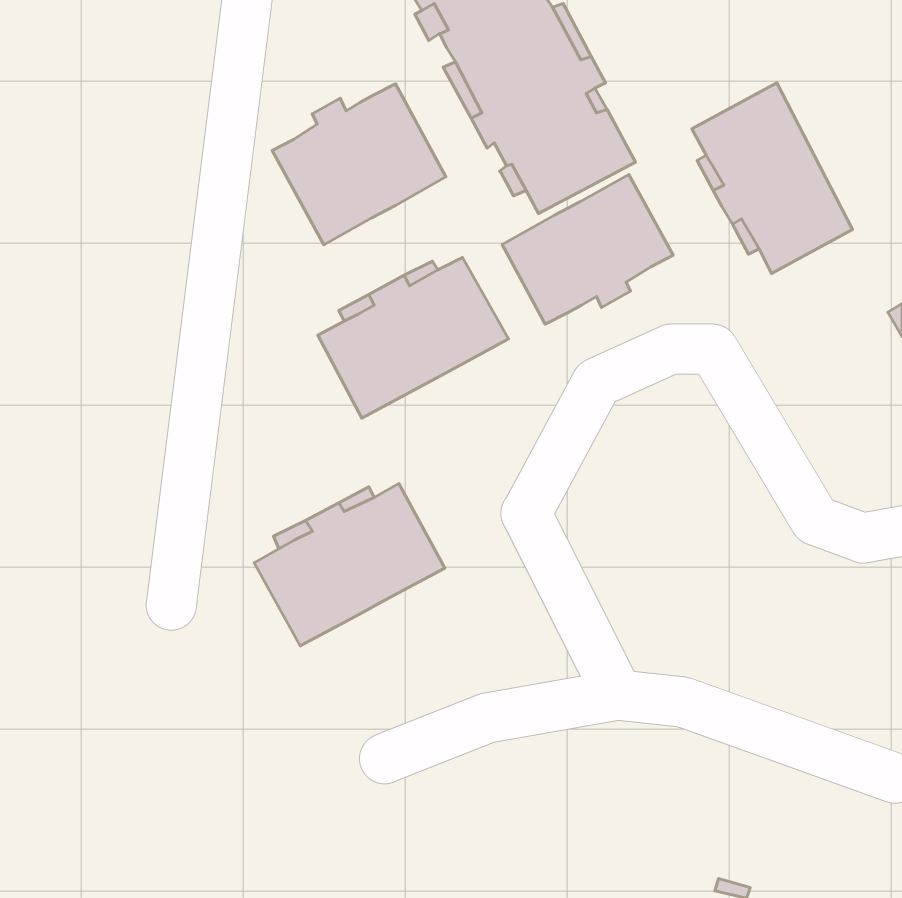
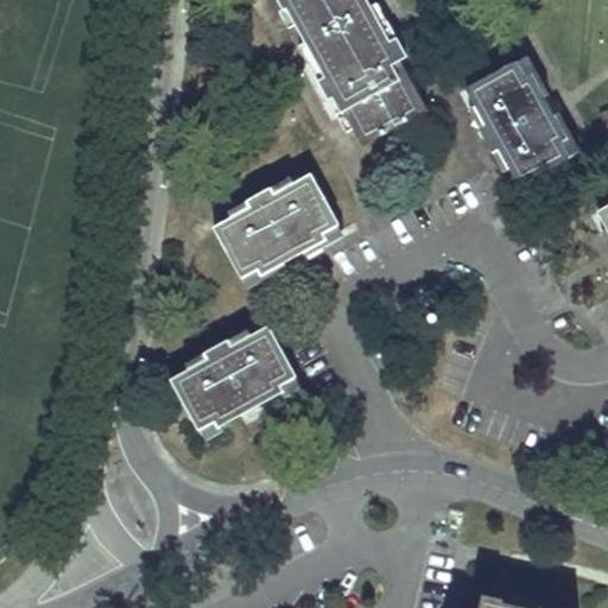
building: [272,84,446,245] -> none
building: [502,174,673,324] -> none

